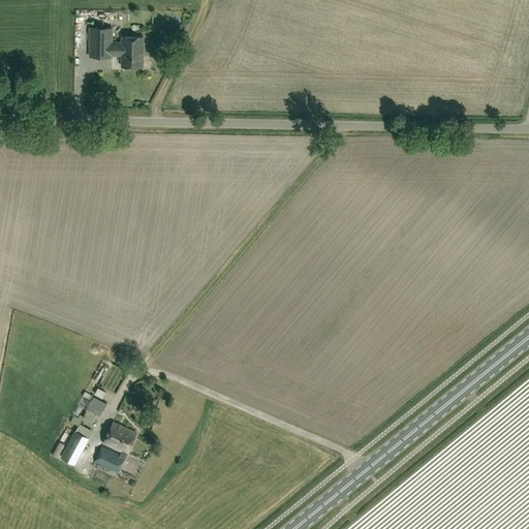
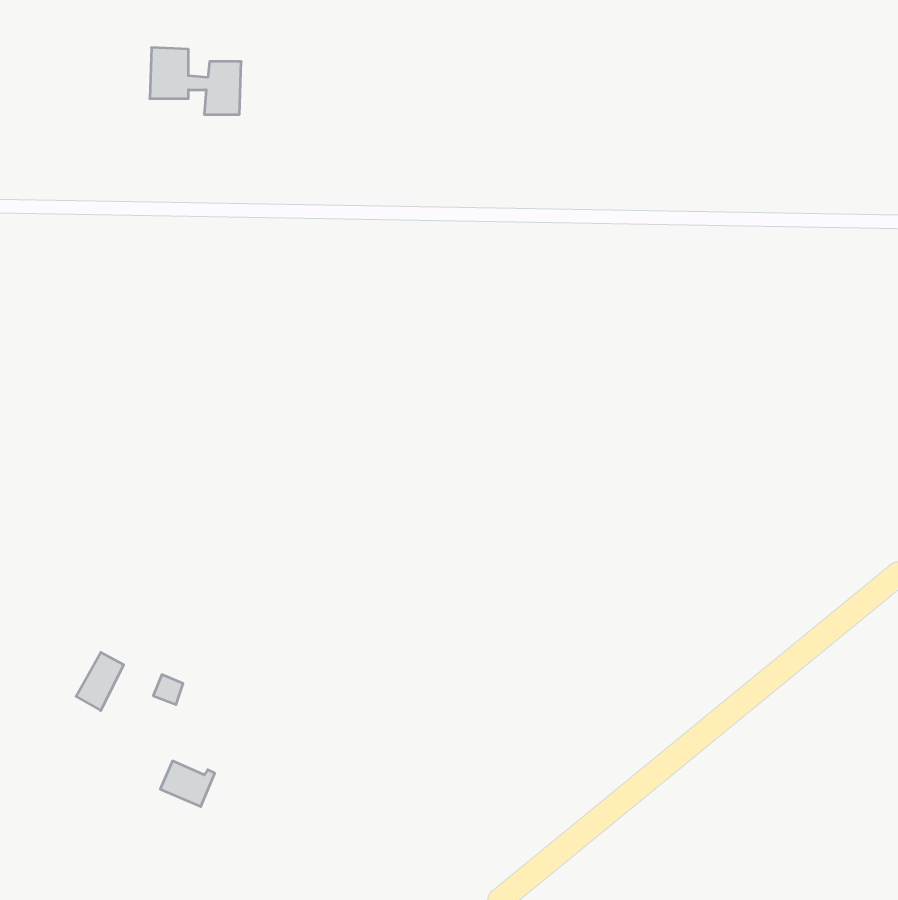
building: [102,423,135,454] -> none
building: [60,431,88,465] -> [76,652,124,711]

